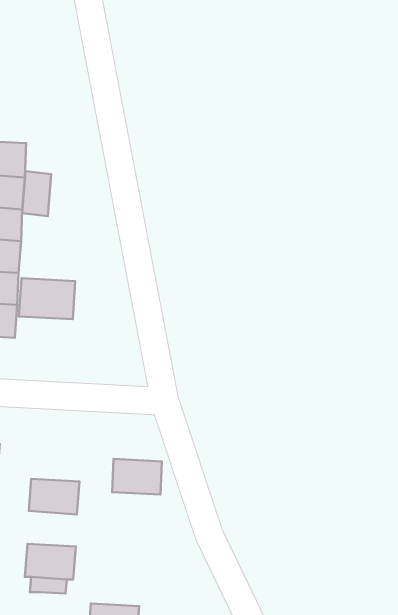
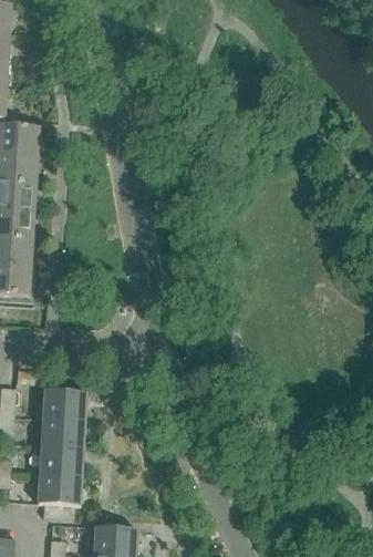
building: [22,171,51,216] -> none
building: [19,278,75,319] -> none
building: [112,459,162,495] -> [43,390,86,421]
building: none -> [40,446,83,477]

